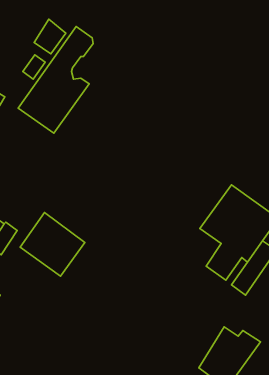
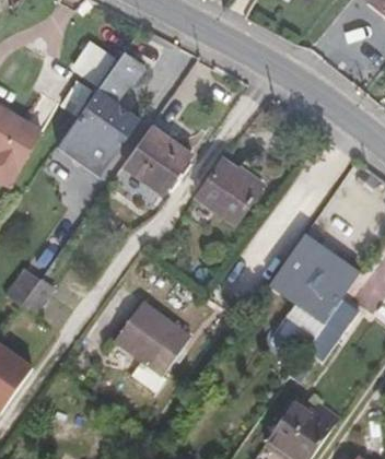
building: none -> [122,121,192,193]
building: none -> [196,156,264,223]
building: [20,213,85,276] -> [115,302,190,376]

